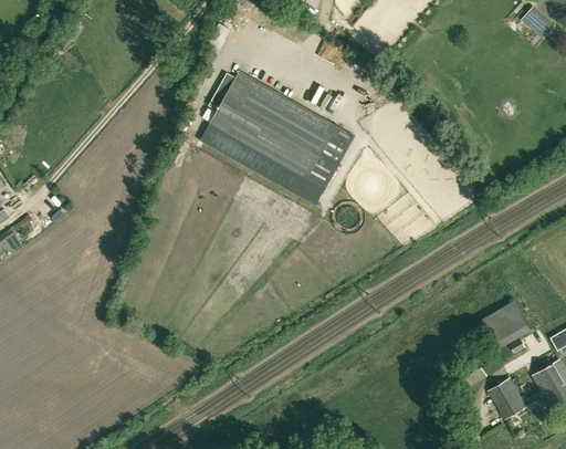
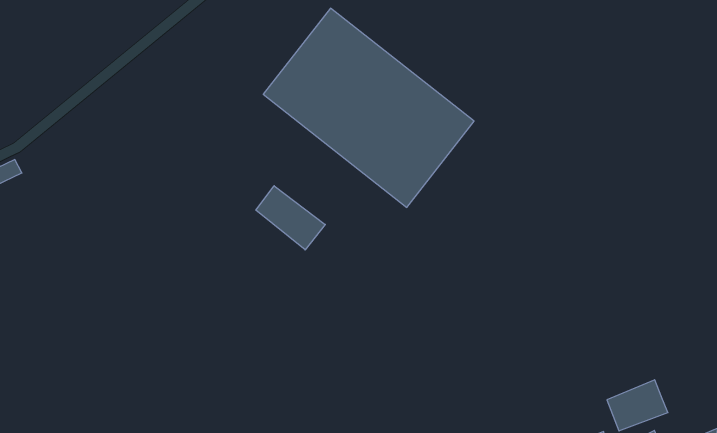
building: none -> [256,186,325,250]

